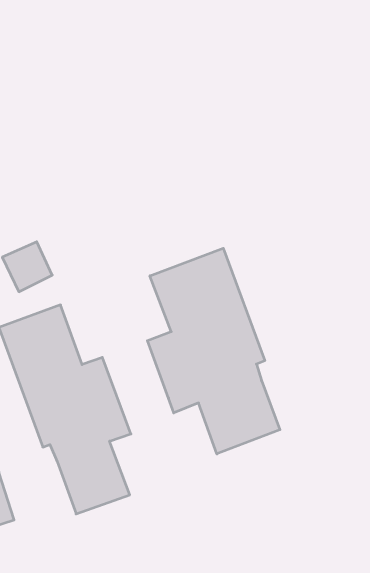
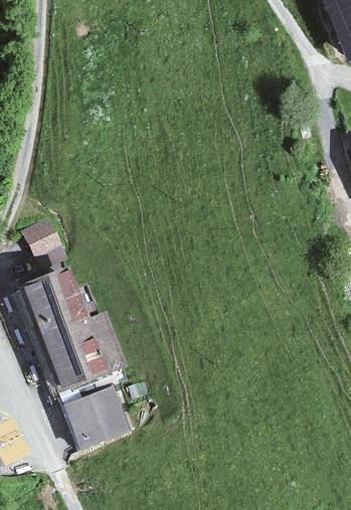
building: [147,248,280,454] -> none

